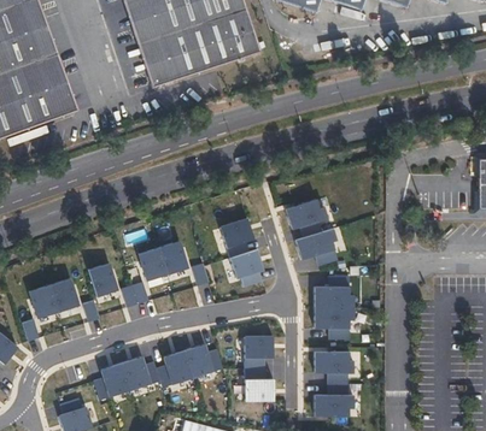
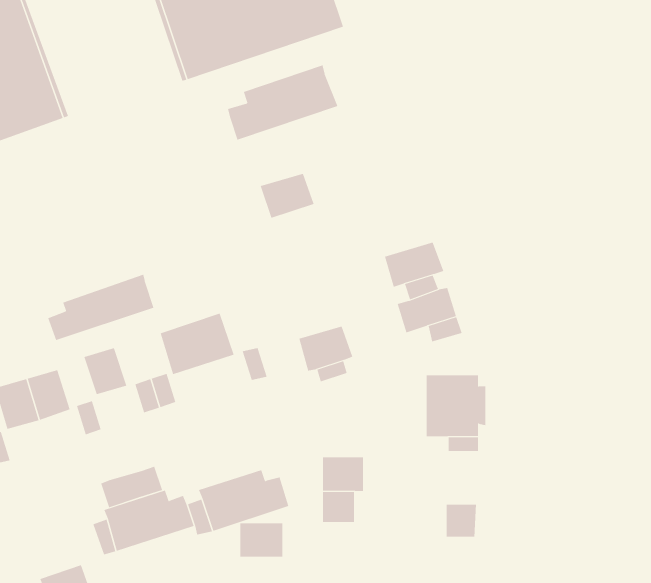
building: none -> [227,65,338,140]
building: none -> [47,274,154,341]
building: [219,218,256,248] -> [260,173,314,219]
building: none -> [100,466,163,508]
building: [315,346,353,367] -> none
building: [245,379,274,402] -> [240,523,283,557]
building: [315,389,353,412] -> none

